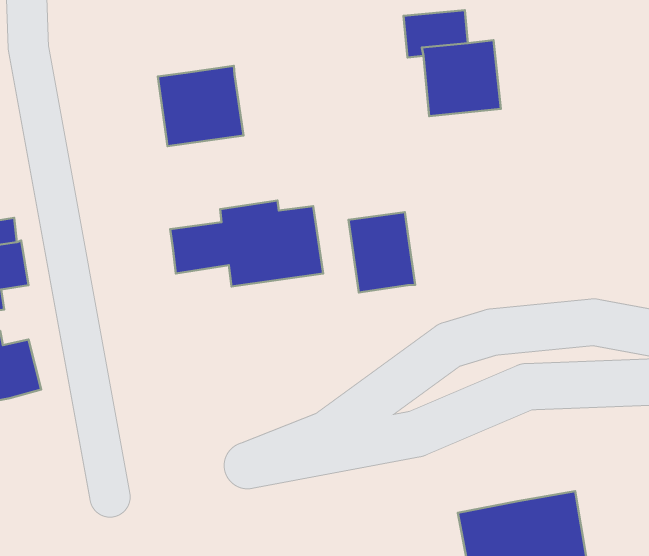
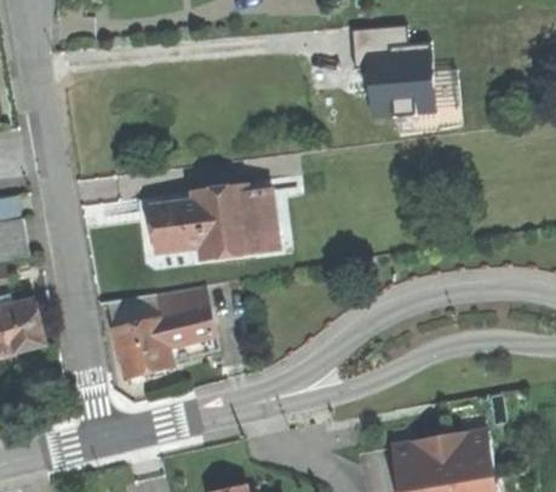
building: [158,66,243,146] -> none
building: [348,212,415,292] -> none
building: none -> [110,284,217,379]

